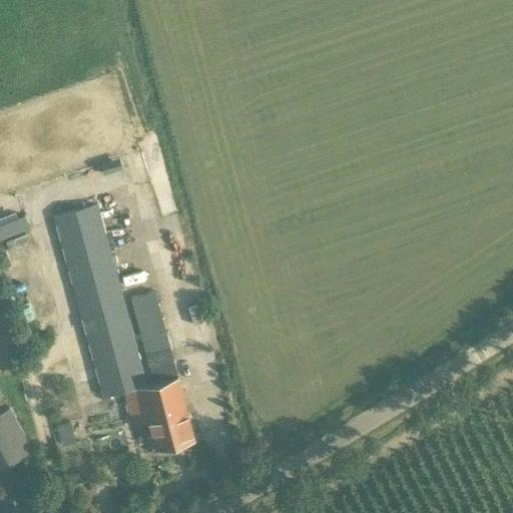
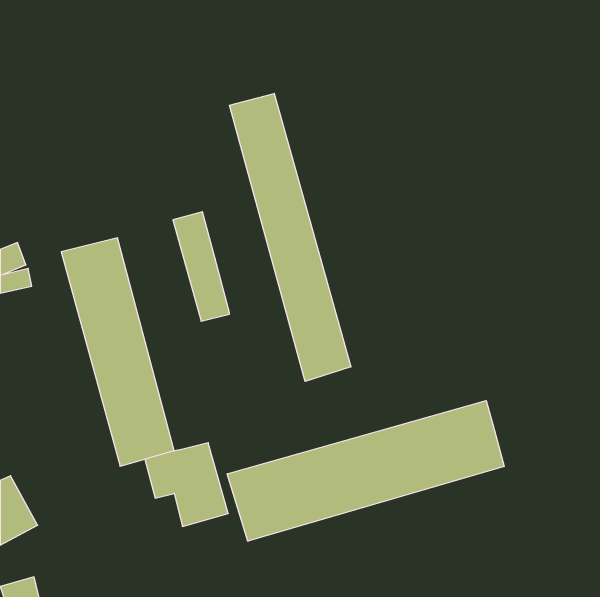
building: none -> [229,93,351,381]
building: [130,294,178,387] -> [173,212,229,321]
building: none -> [227,401,504,541]

